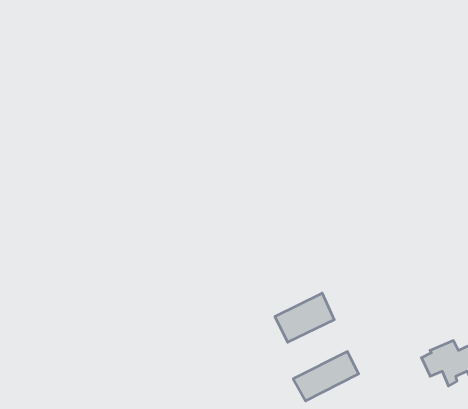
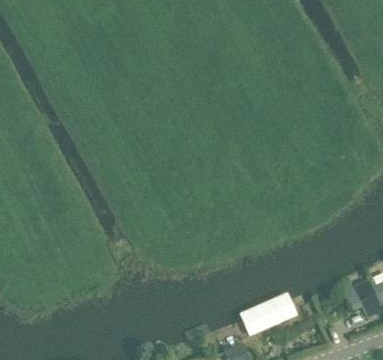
building: [275,293,334,342] -> none

